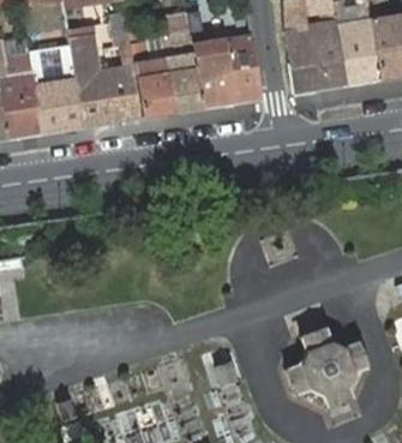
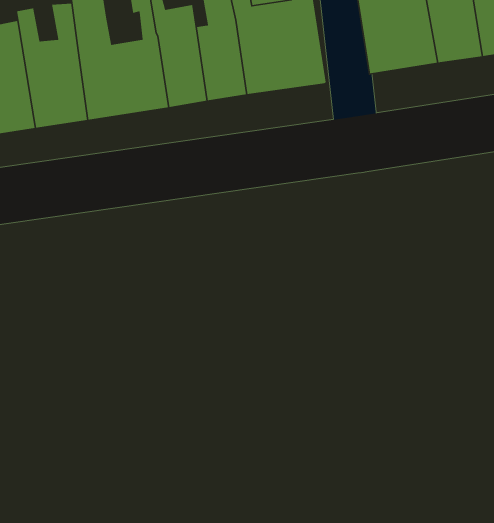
building: [288,329,367,408] -> none

